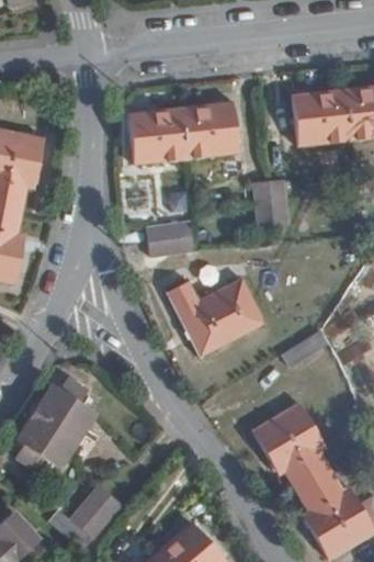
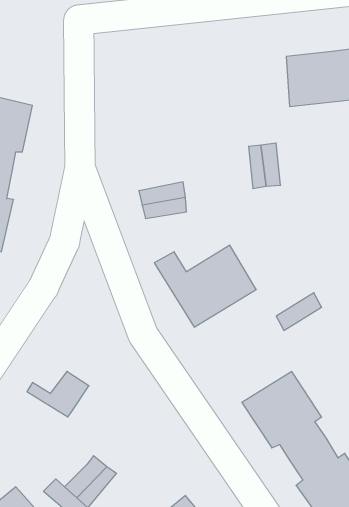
building: [124,100,234,159] -> none
building: [42,381,100,426] -> none
building: [23,424,77,474] -> none

